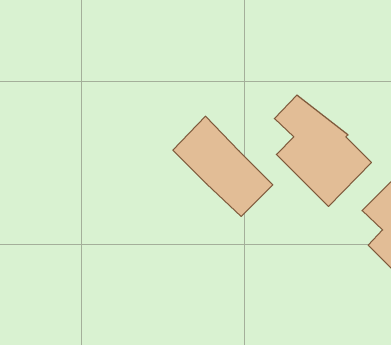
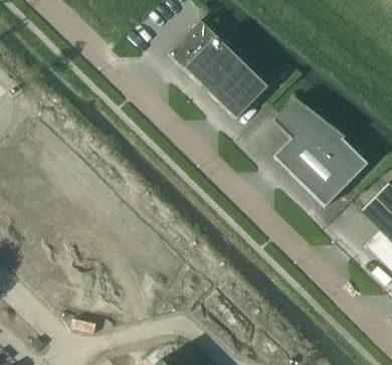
building: [173,116,273,216] -> [169,20,267,119]

